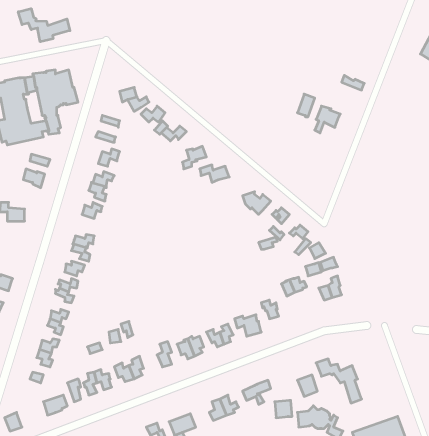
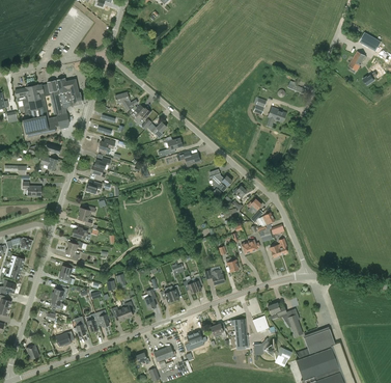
building: [18,9,70,42] -> none
building: none -> [296,329,335,358]

